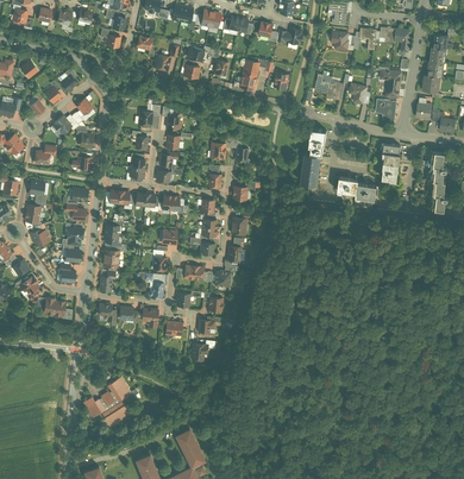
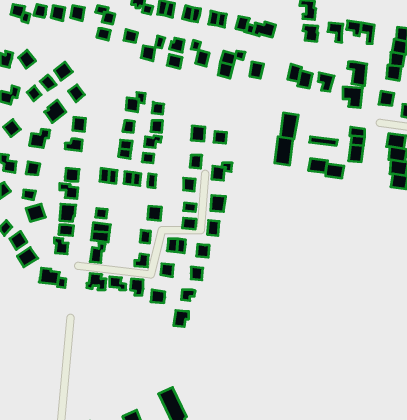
building: [86,383,131,427] -> none

